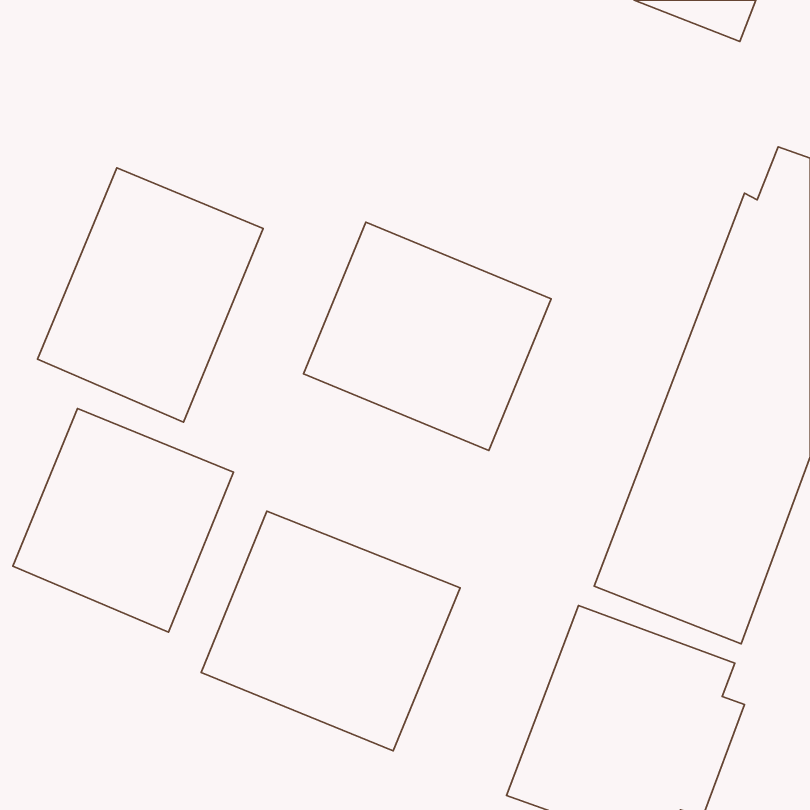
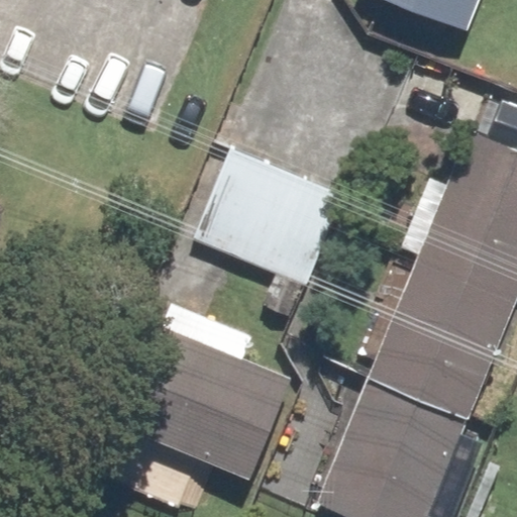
building: [38,168,263,422] -> none
building: [13,408,233,632] -> none

